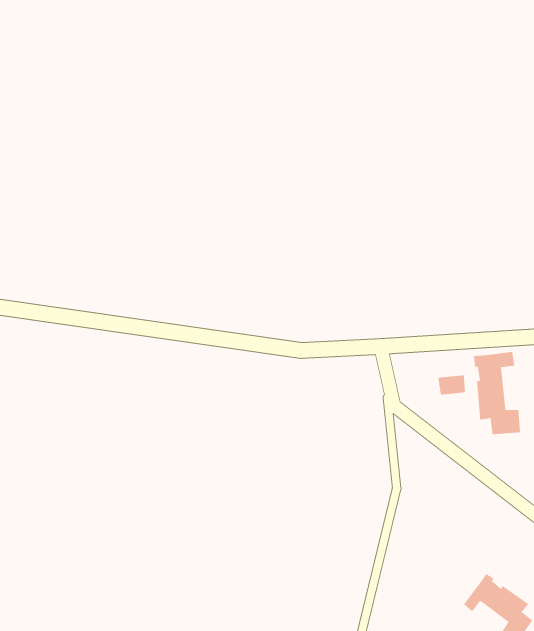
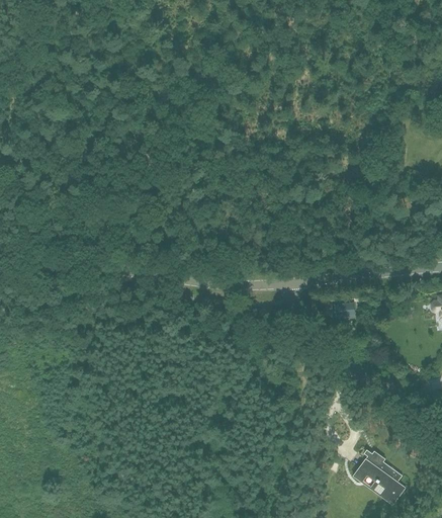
building: [474,351,520,435] -> none

